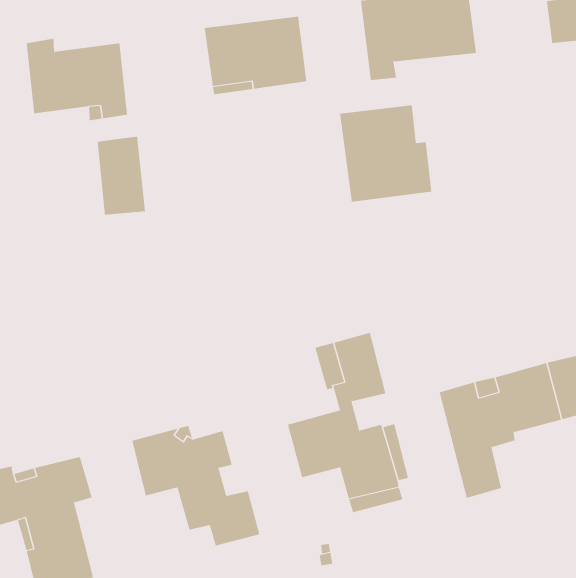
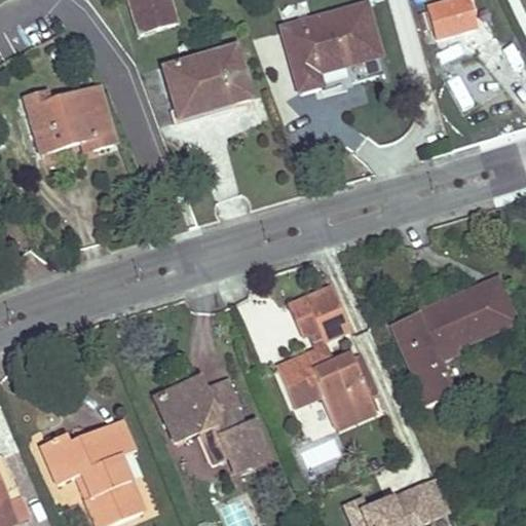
building: [340,104,432,203] -> none
building: [97,136,145,216] -> none

